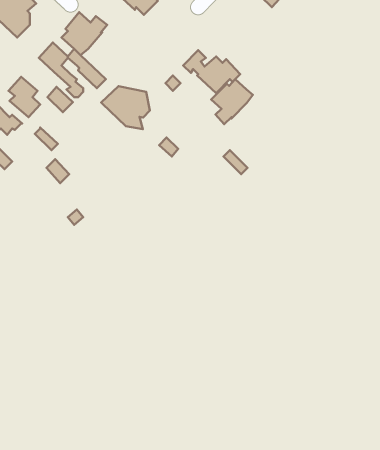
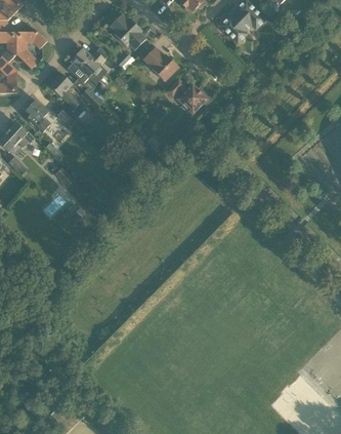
building: none -> [143,47,178,80]
building: [211,79,253,124] -> none
building: [101,86,150,129] -> none

